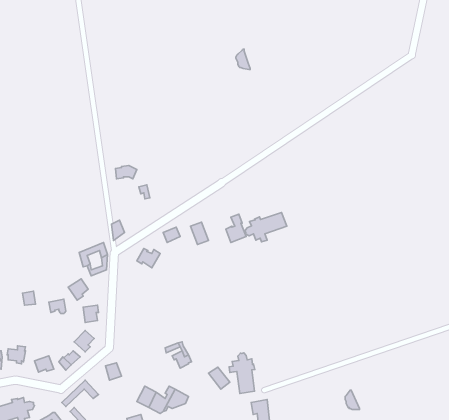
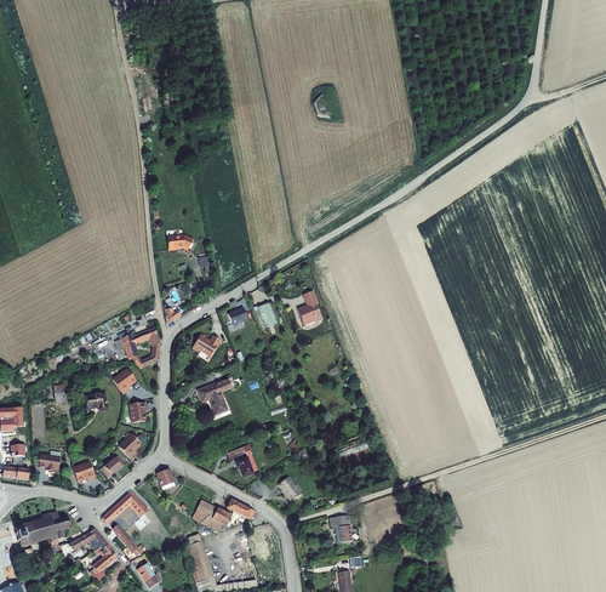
building: [245,212,287,242] -> none
building: none -> [199,376,235,414]
building: [229,353,255,394] -> none

